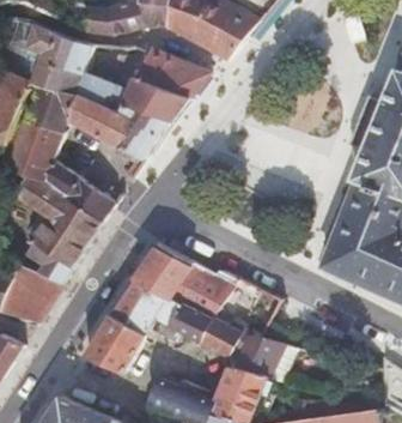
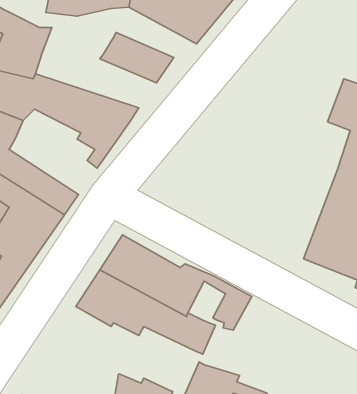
building: [74,66,189,122] -> none
building: [85,312,146,371] -> none
building: [233,330,281,377] -> none

